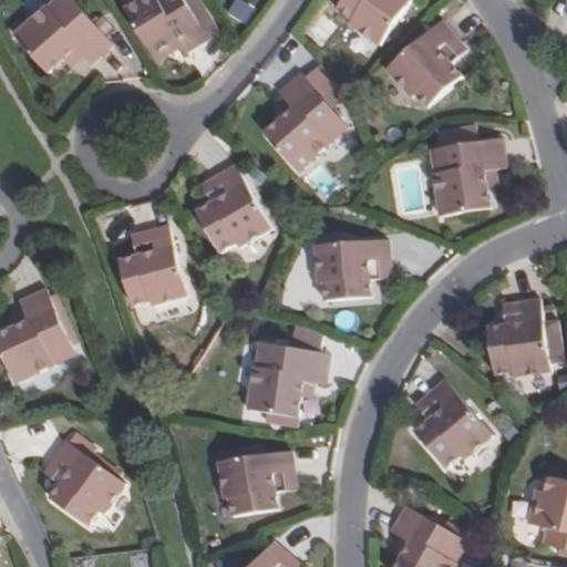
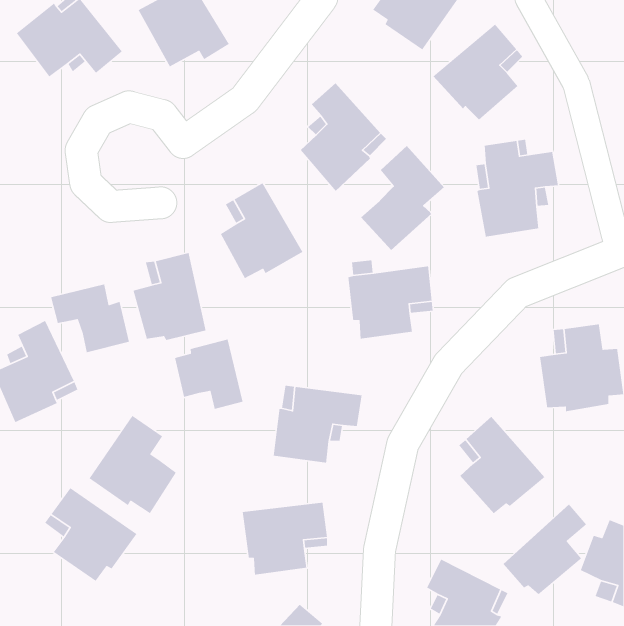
building: none -> [360,145,445,251]
building: none -> [50,284,130,353]
building: none -> [174,339,243,410]
building: none -> [88,415,177,514]
building: none -> [503,504,587,595]

